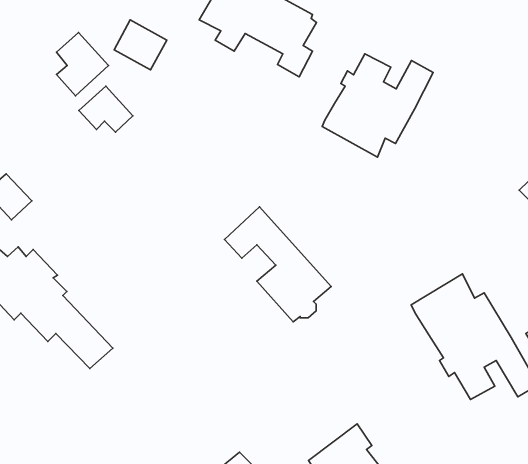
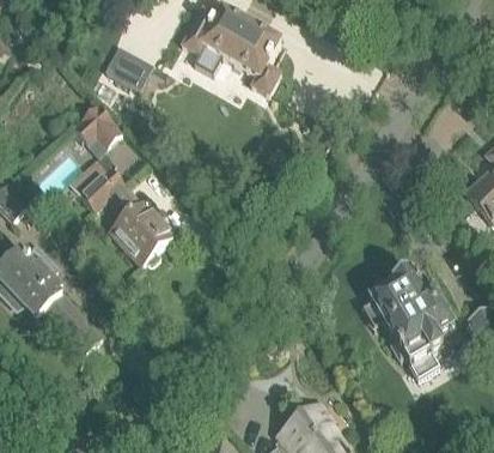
building: [56,32,109,96] -> none
building: [322,54,433,157] -> none
building: [224,207,331,322] -> [79,165,173,267]

